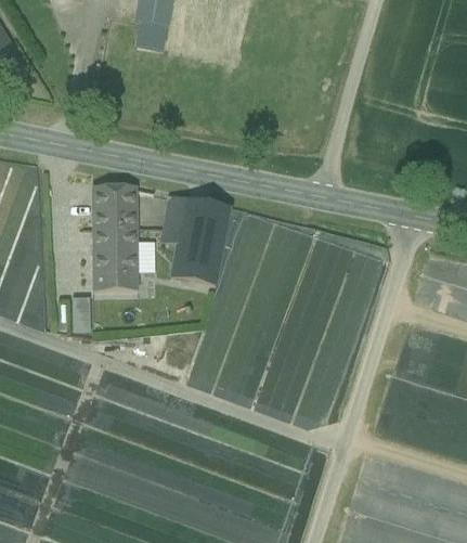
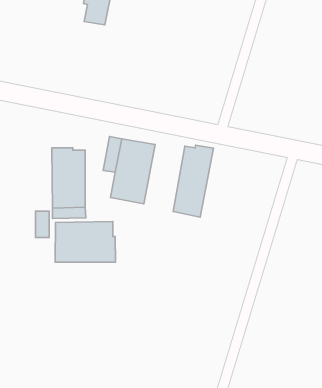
building: [93,181,138,209] -> none
building: none -> [173,145,213,217]
building: none -> [55,221,116,262]

